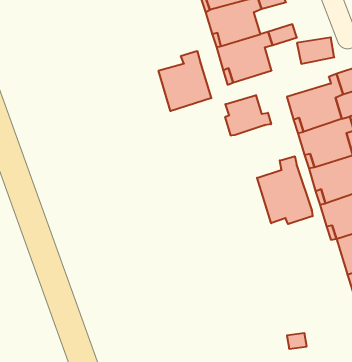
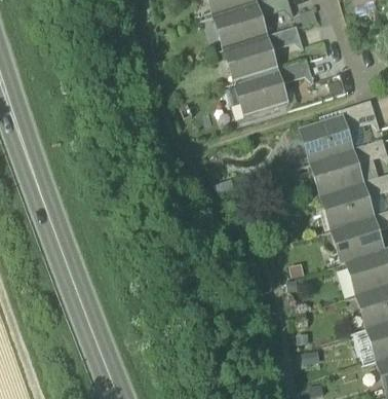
building: [159,51,211,111] -> none
building: [225,95,271,136] -> none
building: [257,156,313,224] -> none

